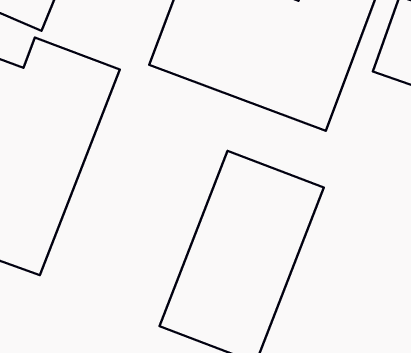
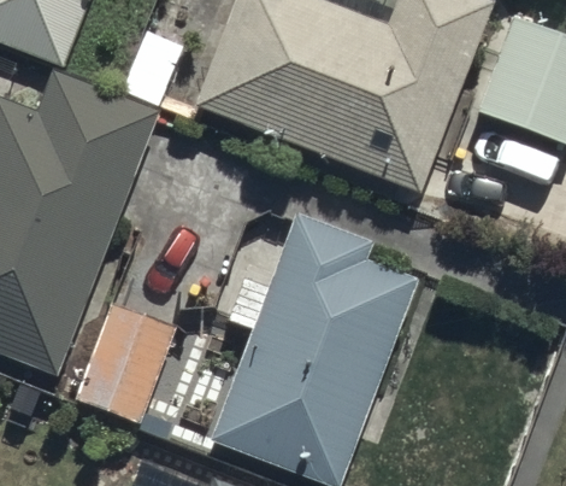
building: none -> [67,299,172,423]

